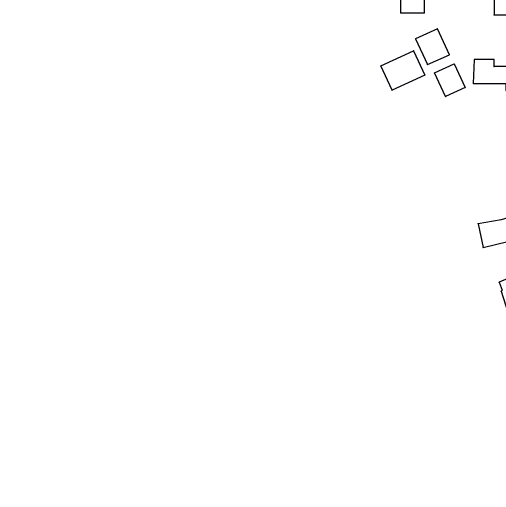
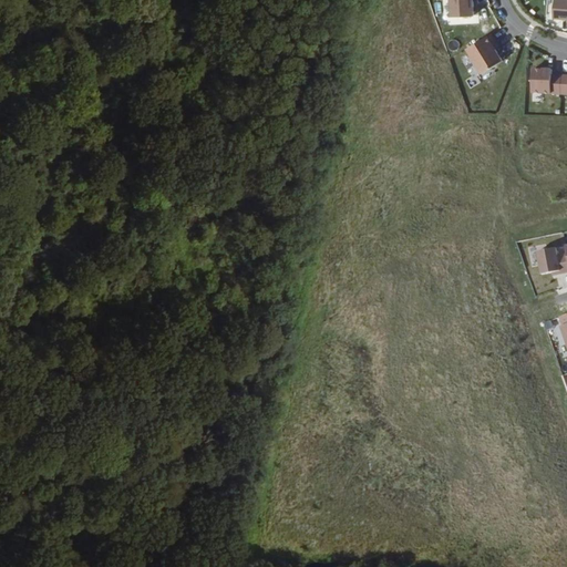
building: [381,51,425,90] -> none
building: [435,64,465,97] -> none

